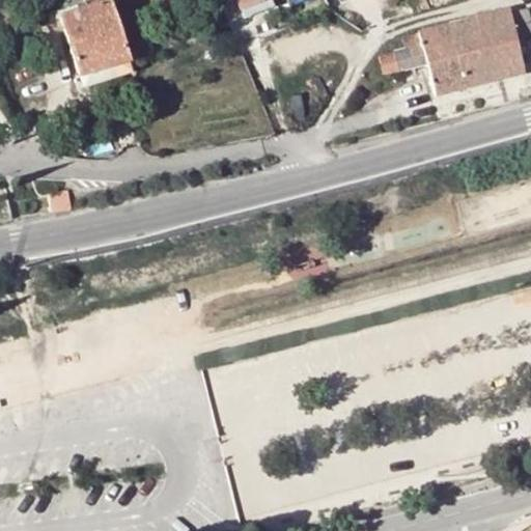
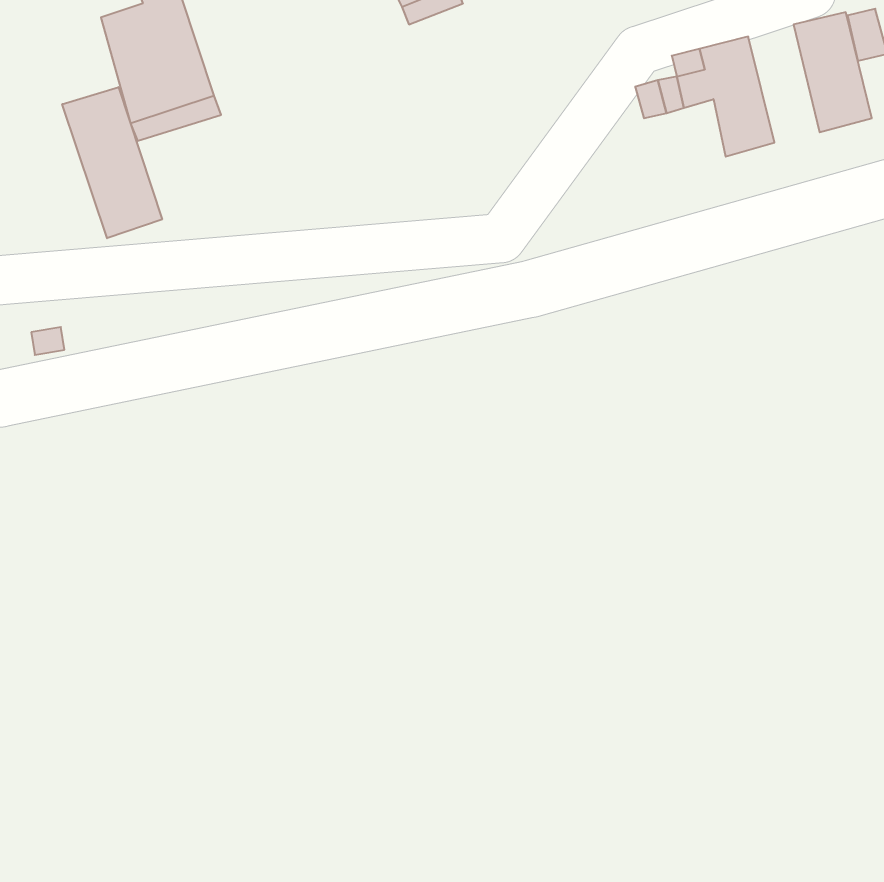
building: [449,15,492,85] -> none
building: none -> [62,87,162,238]

